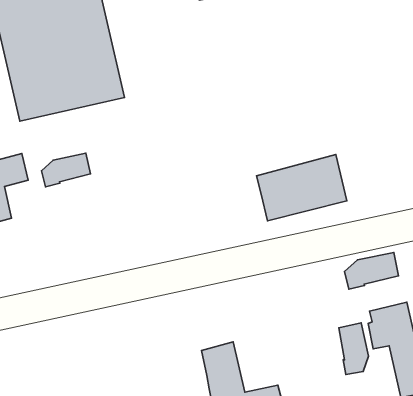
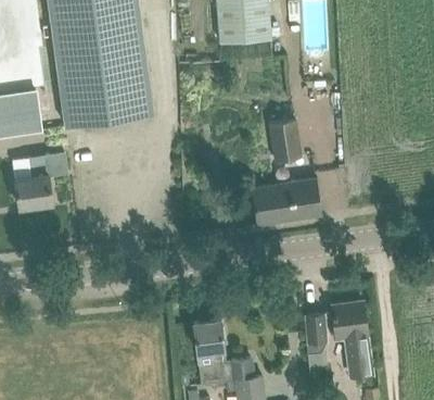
building: none -> [268,121,299,162]
building: [41,153,90,187] -> none
building: [345,253,398,289] -> none

